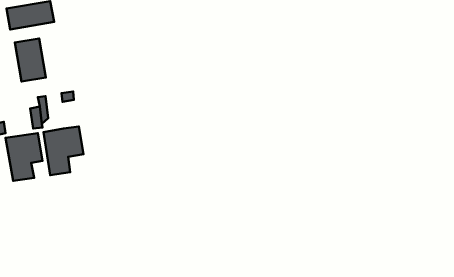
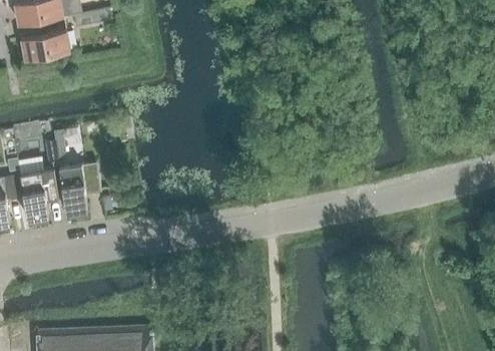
building: [15,38,46,81] -> none

